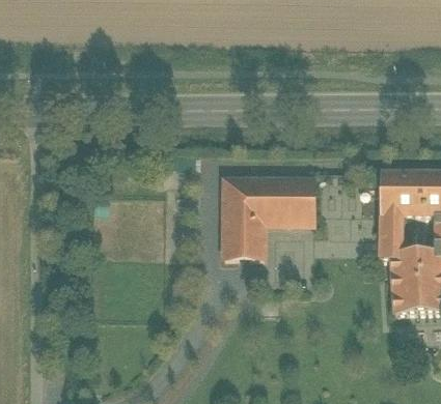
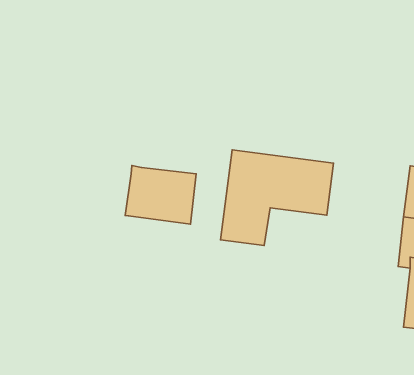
building: none -> [125,165,196,224]

